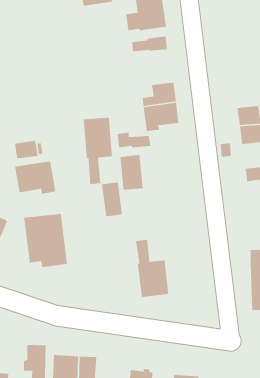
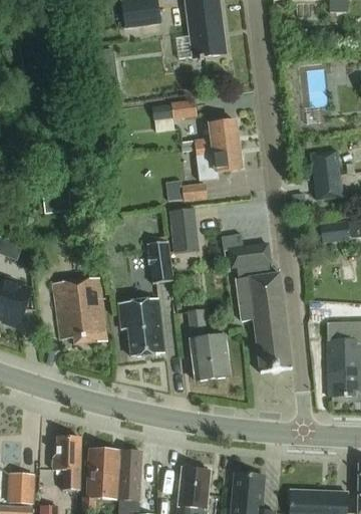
building: [131,36,168,52] -> [152,99,197,119]
building: [83,117,113,185] -> none
building: [14,160,56,195] -> none
building: none -> [222,233,291,372]
building: none -> [117,298,163,356]

